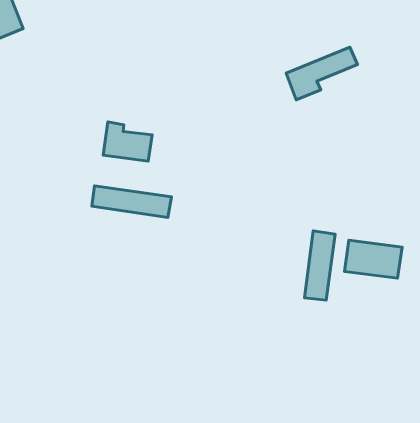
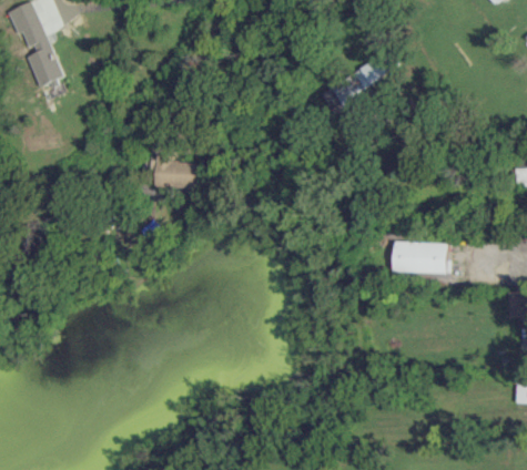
building: [92,186,171,218] -> none
building: [304,231,335,300] -> none

